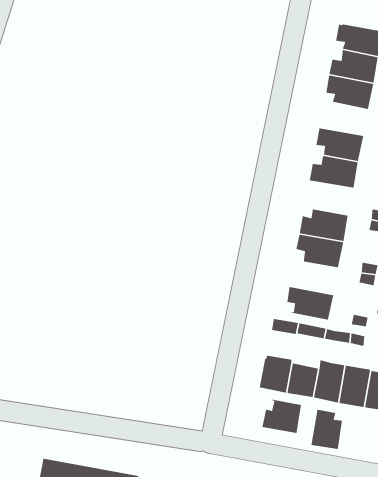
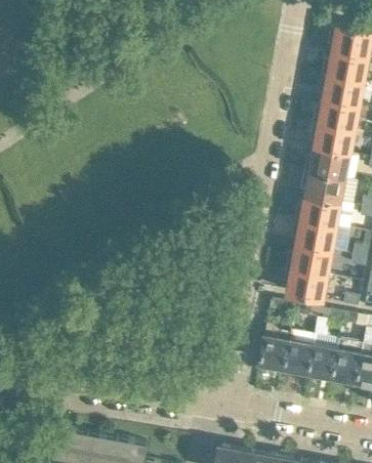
building: none -> [313,101,359,132]
building: none -> [300,174,345,206]
building: none -> [285,249,331,280]
building: [261,398,302,434] -> none
building: [310,409,343,450] -> none

